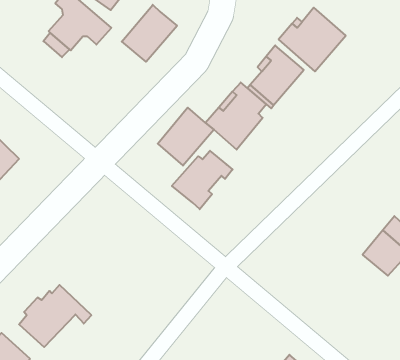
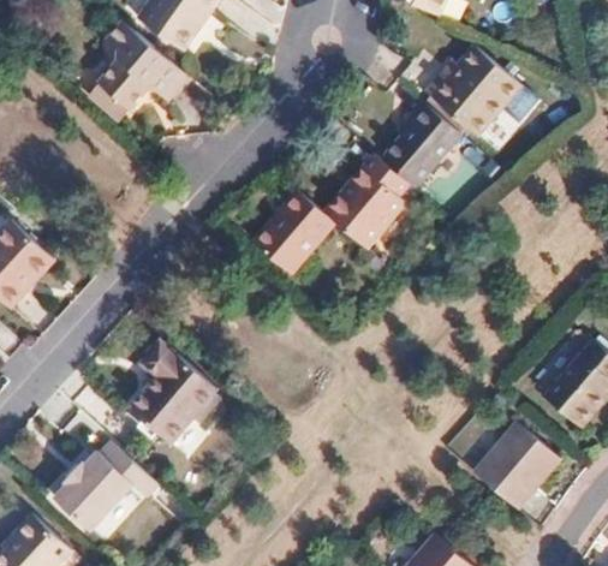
building: [122,5,177,62] -> none
building: [172,151,233,209] -> none
building: none -> [131,341,216,445]
building: none -> [472,423,558,510]

